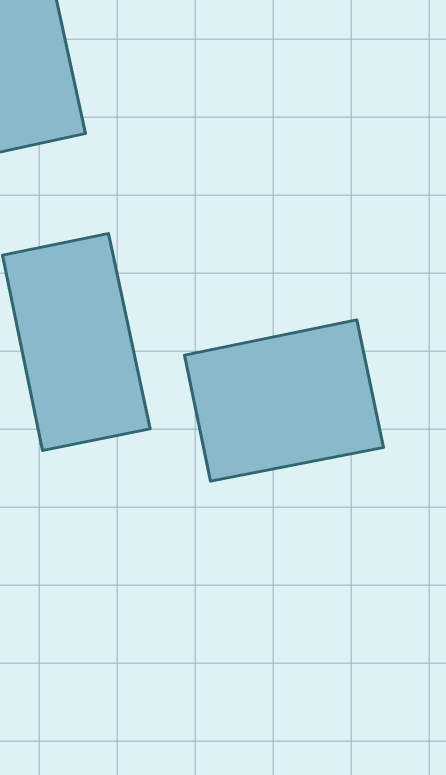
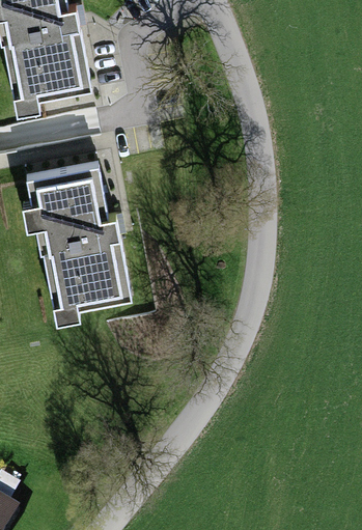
building: [185,320,383,481] -> none

